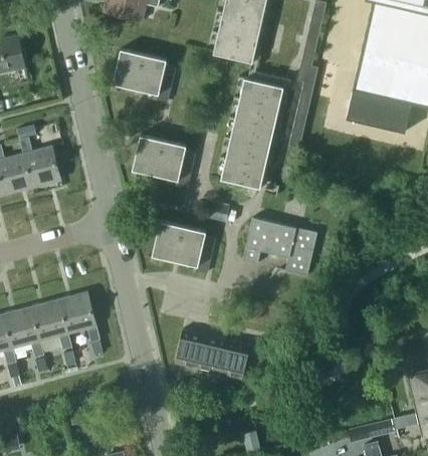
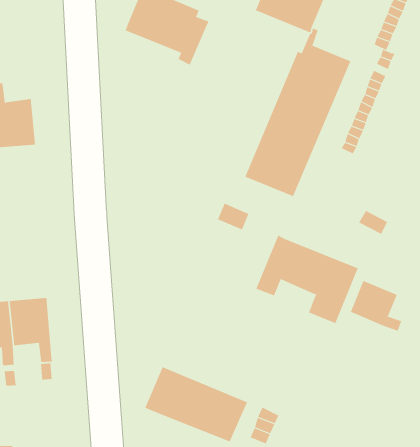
building: [132,136,194,188] -> none
building: [152,221,214,274] -> none
building: none -> [350,280,403,331]

